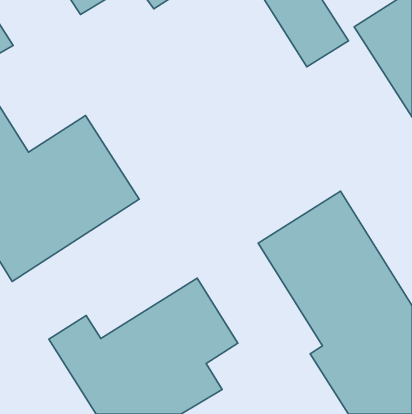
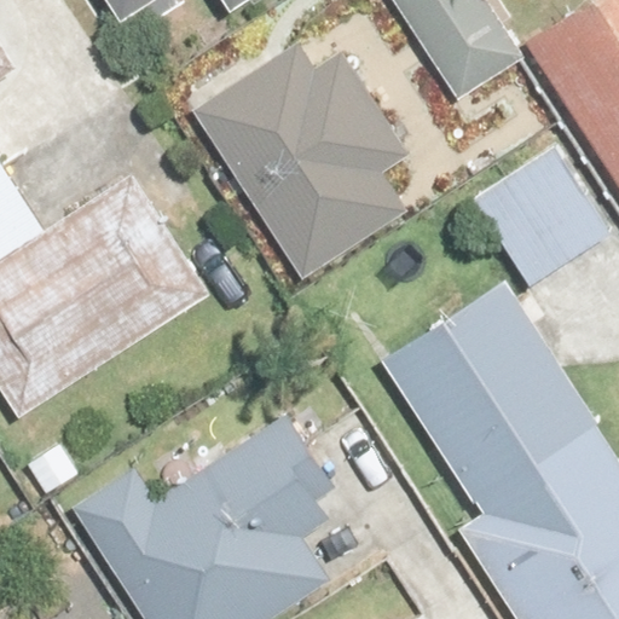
building: none -> [196,31,406,278]
building: none -> [472,146,606,284]

